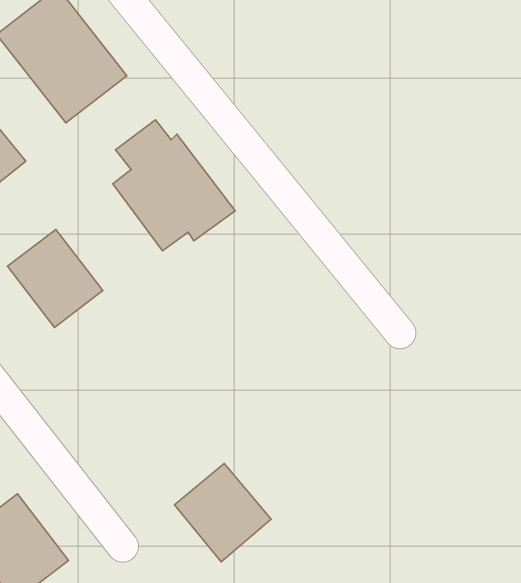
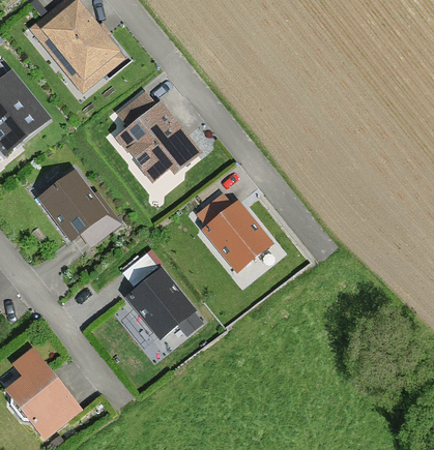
building: none -> [196,191,276,274]
building: [174,464,271,562] -> [125,267,196,338]

